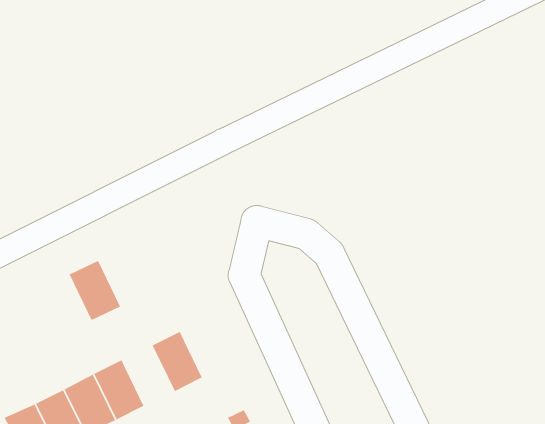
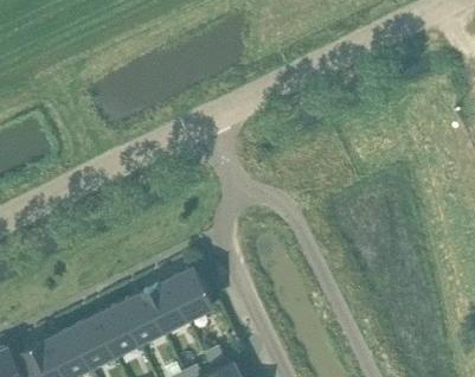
building: [68,260,121,321] -> [118,293,162,344]
building: none -> [167,269,212,320]

